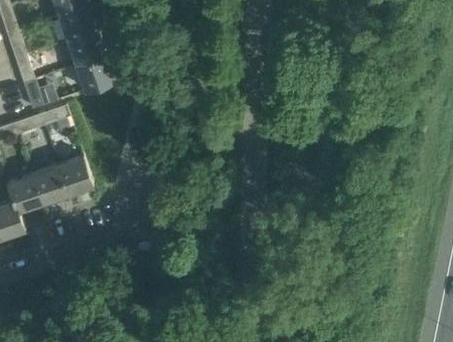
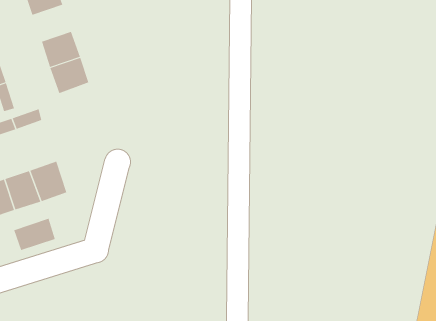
building: [57,7,96,42] -> none
building: none -> [13,218,55,251]

